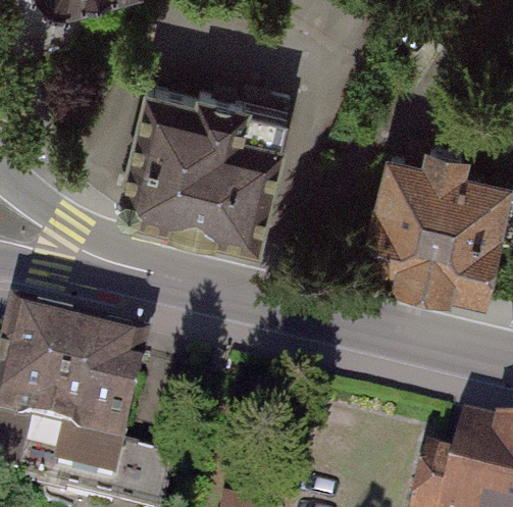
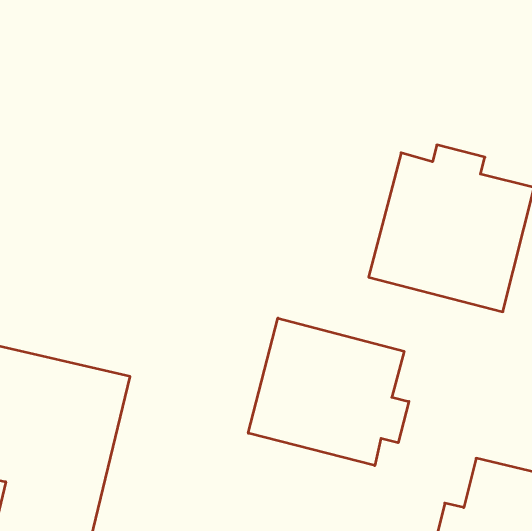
building: [133,81,293,243] -> none
building: none -> [248,318,409,466]

